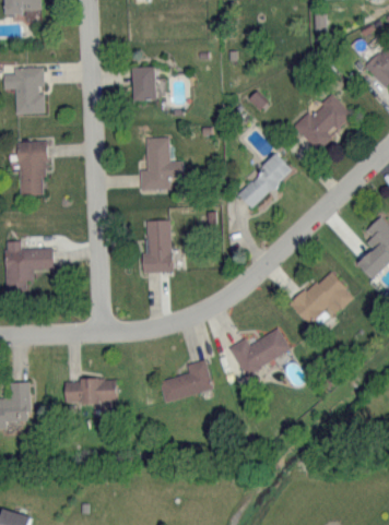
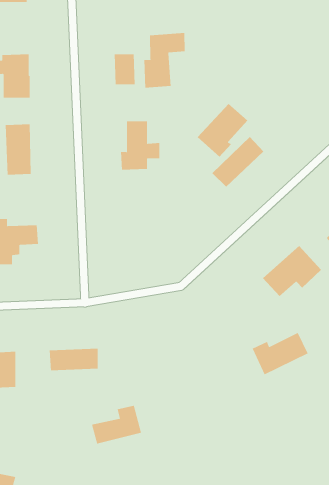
building: none -> [144,32,185,88]
building: [296,93,351,151] -> [197,103,248,158]
building: [142,220,172,273] -> none
building: [231,329,291,374] -> [252,332,309,375]
building: [160,360,213,402] -> [91,405,142,444]

